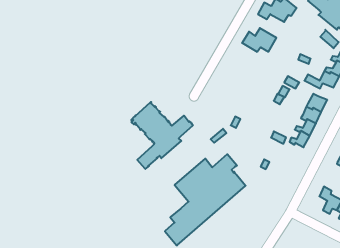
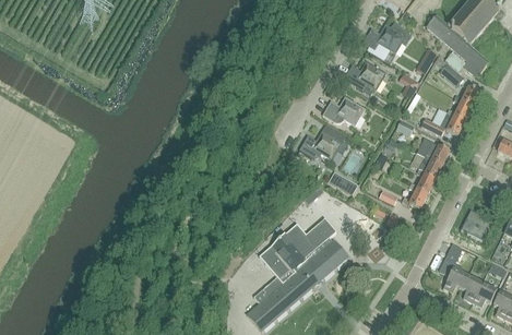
building: none -> [322,96,365,125]
building: none -> [298,131,342,159]
building: [131,102,193,169] -> none

